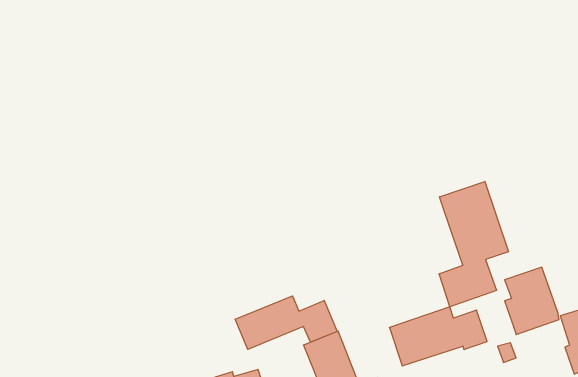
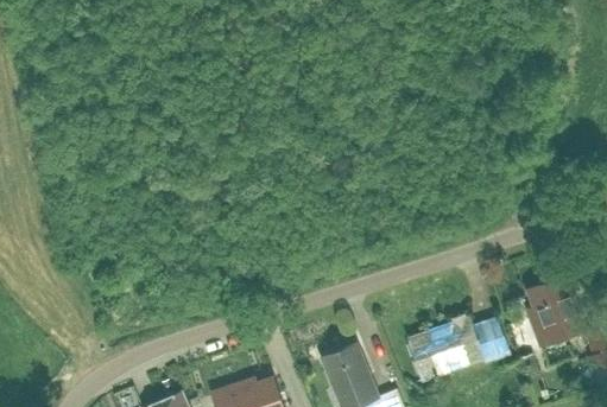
building: [439,181,508,307] -> none
building: [235,296,337,349] -> none

